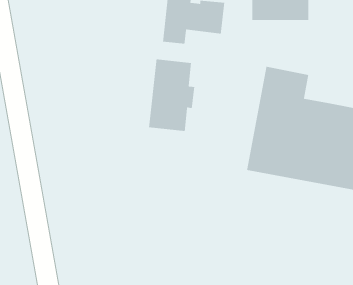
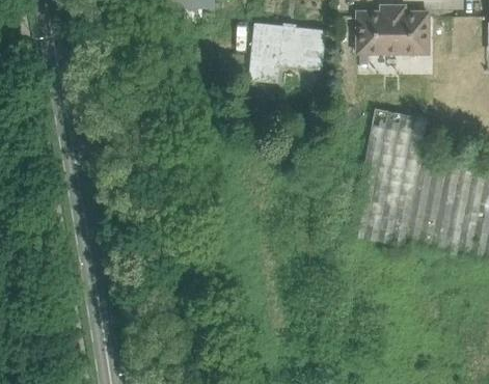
building: [148,58,195,132] -> none

